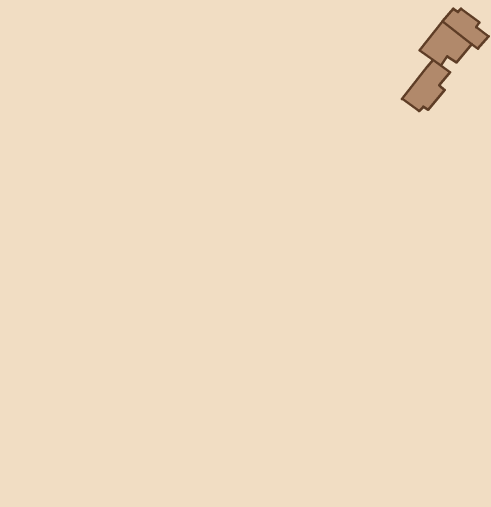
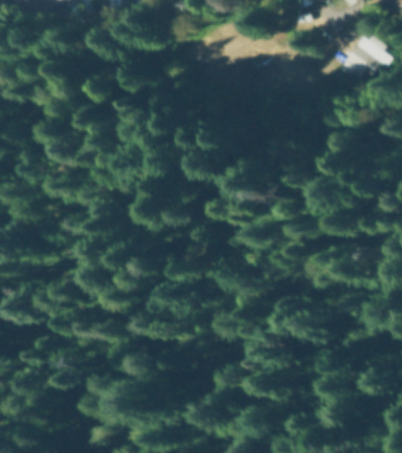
building: [402,60,450,111] -> none

